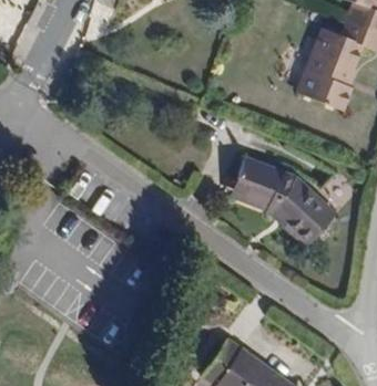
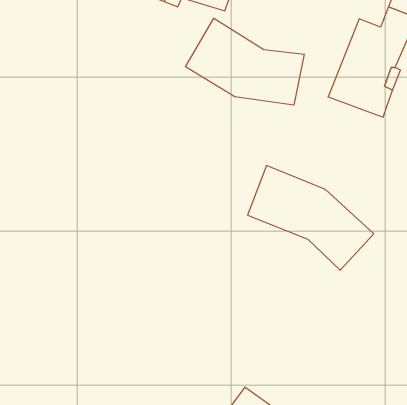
building: none -> [186,18,304,105]

